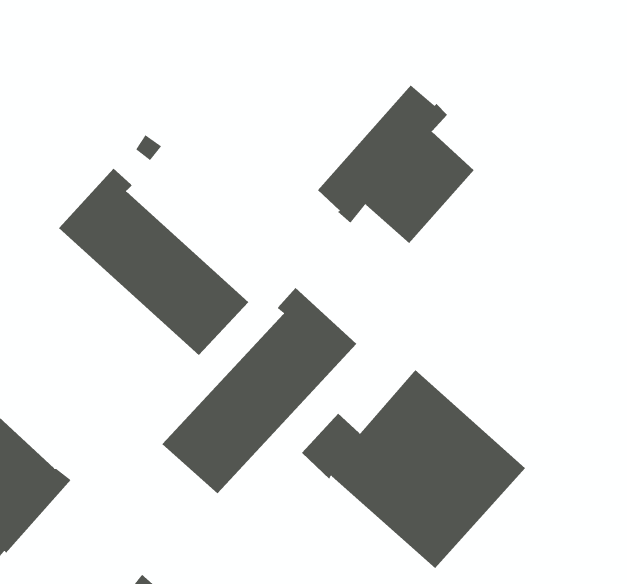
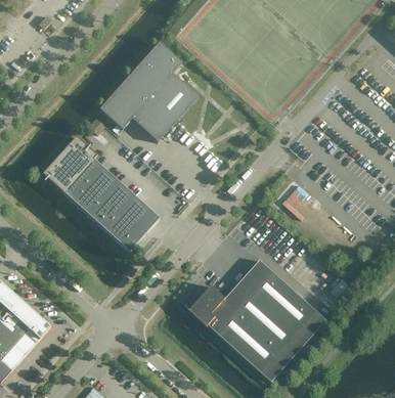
building: [317,85,475,244] -> [101,44,198,141]
building: [162,287,357,494] -> none

